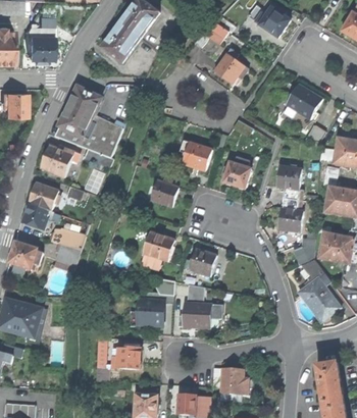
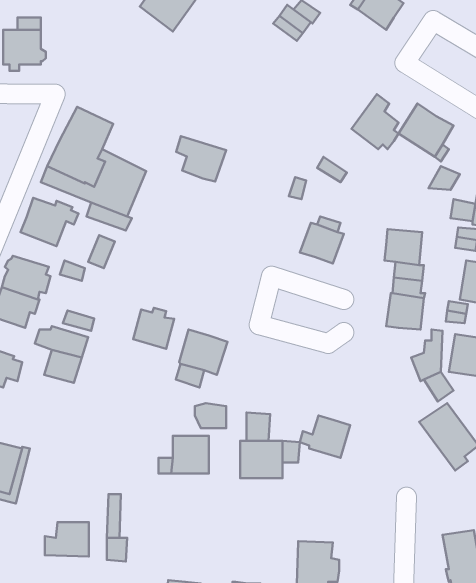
building: [101,20,140,62] -> none
building: [214,47,245,83] -> [352,94,399,149]
building: [180,140,212,169] -> [176,136,226,182]
building: [151,178,177,205] -> [133,308,174,349]
building: [184,248,216,275] -> [300,416,350,458]
building: [112,347,141,369] -> [45,522,89,557]

